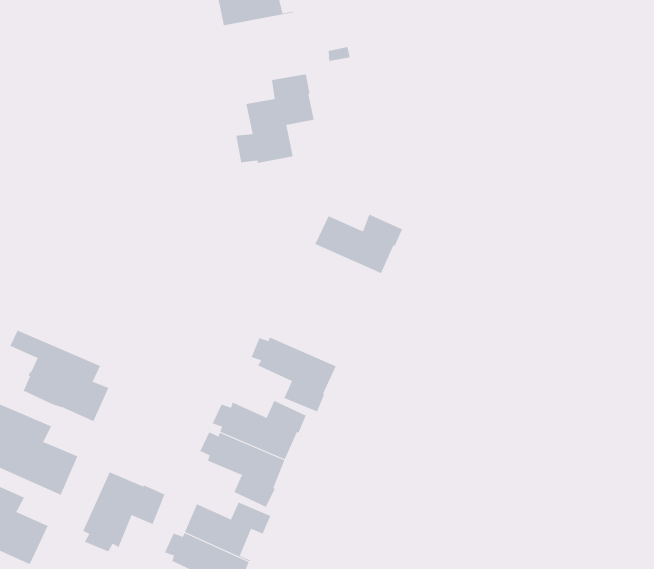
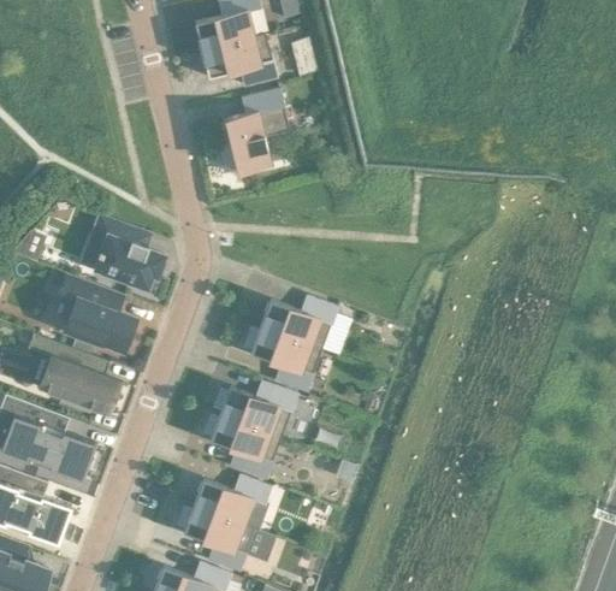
building: none -> [201,36,276,87]
building: none -> [90,215,164,289]
building: [314,214,403,274] -> [259,297,337,350]
building: none -> [58,274,135,351]
building: [83,471,165,552] -> none

